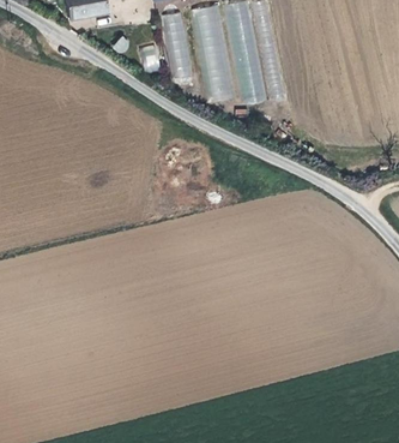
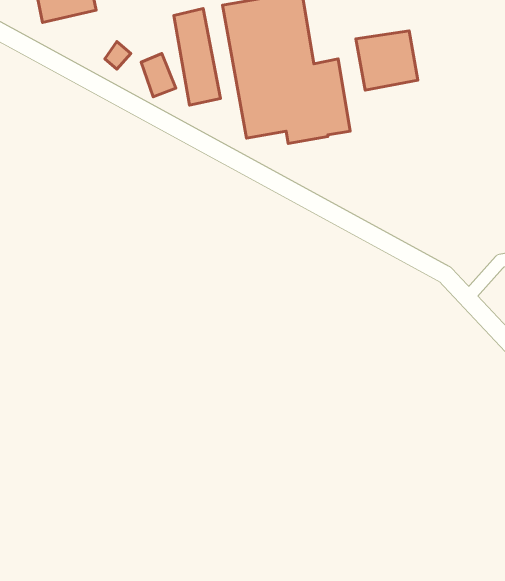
building: none -> [356,31,418,90]

